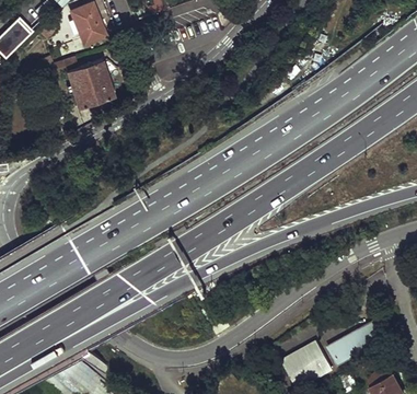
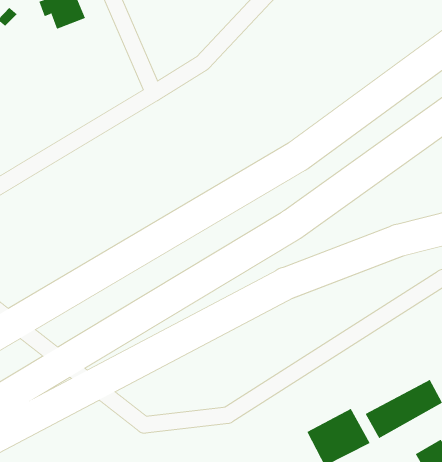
building: [63,59,116,108] -> none

